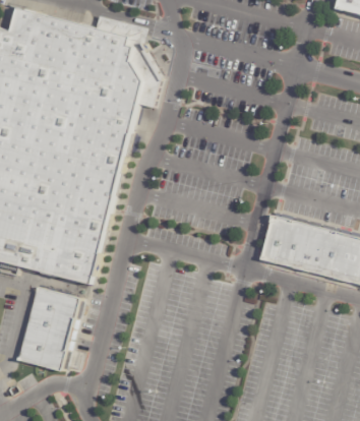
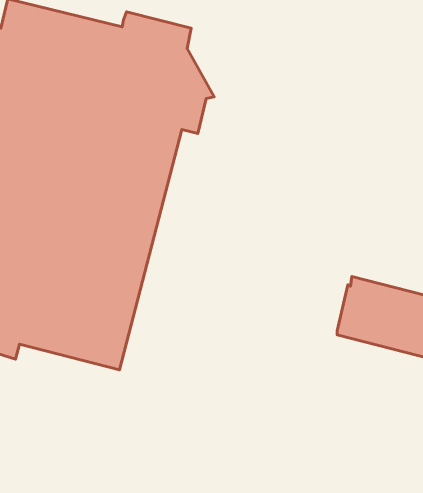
building: [19,286,81,370] -> none

